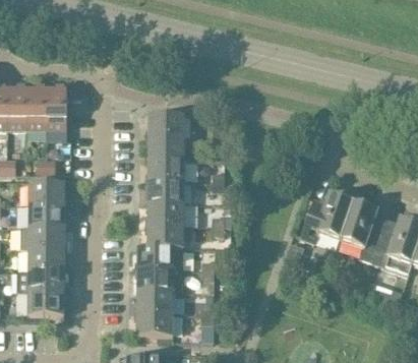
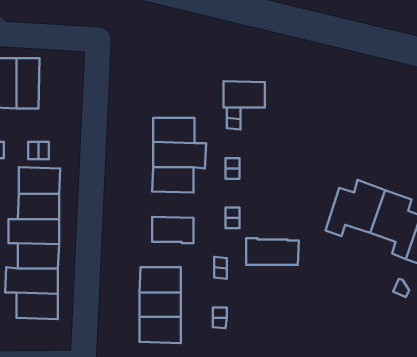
building: [46,85,66,130] -> none
building: [147,115,184,138] -> [223,81,265,108]
building: [146,203,183,227] -> none
building: [136,247,183,270] -> [246,238,299,265]

